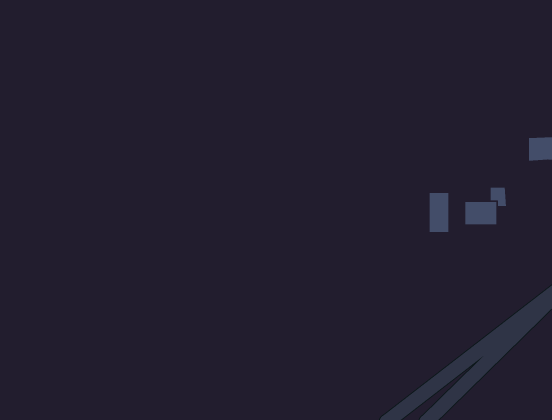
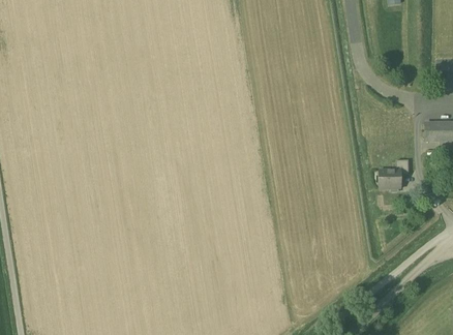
building: [429,192,449,233] -> none

